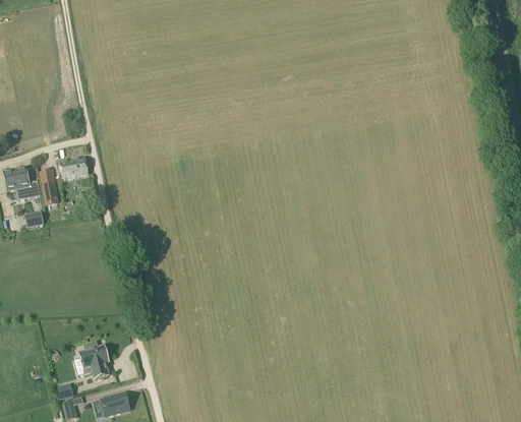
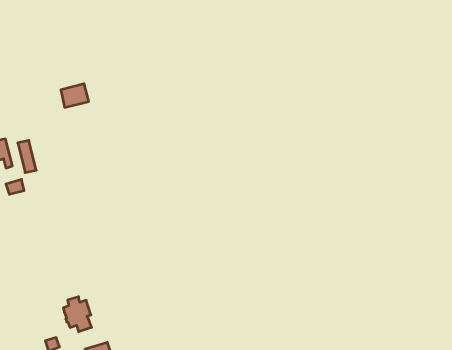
building: [59,156,89,180] -> [61,84,89,107]

